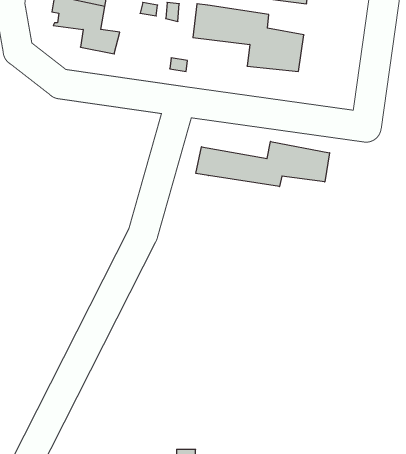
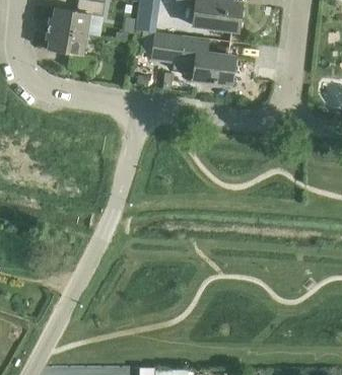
building: [196,141,330,187] -> none

